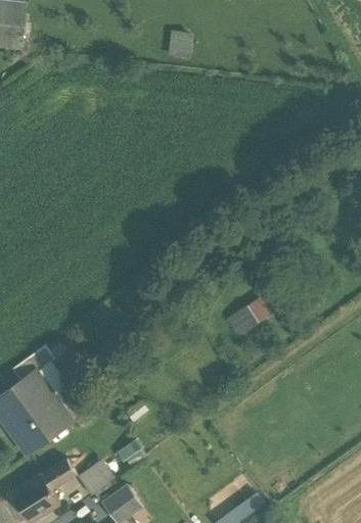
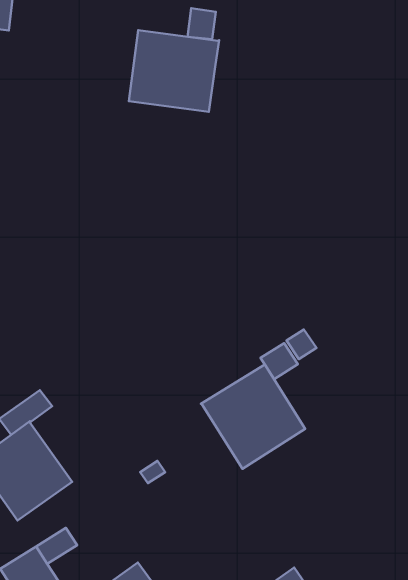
building: none -> [129,30,219,112]
building: none -> [201,365,305,469]
building: [79,460,115,494] -> none

